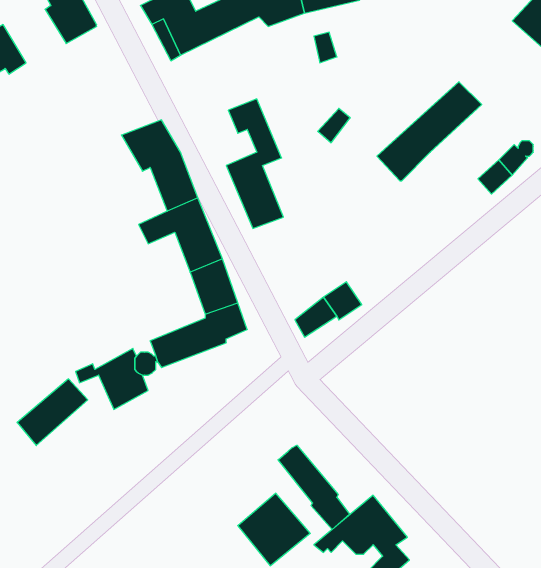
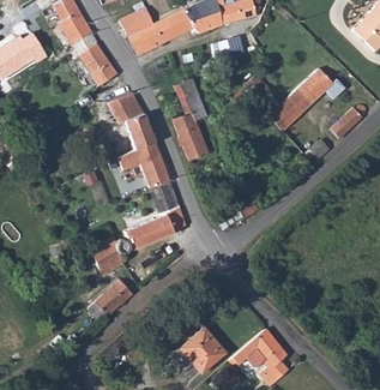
building: none -> [70,34,116,86]
building: [17,379,88,446] -> [88,280,132,322]
building: [278,445,350,530] -> none

